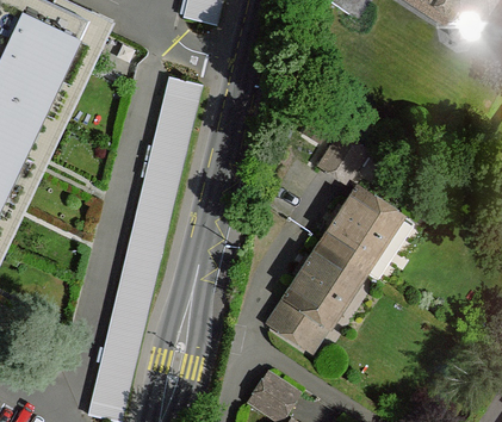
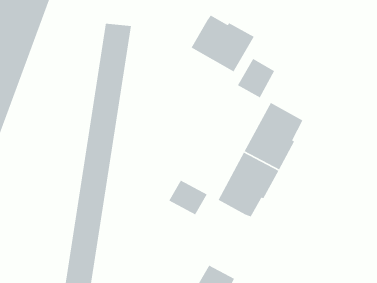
building: none -> [191,15,255,73]
building: [267,297,315,341] -> [168,179,208,216]

